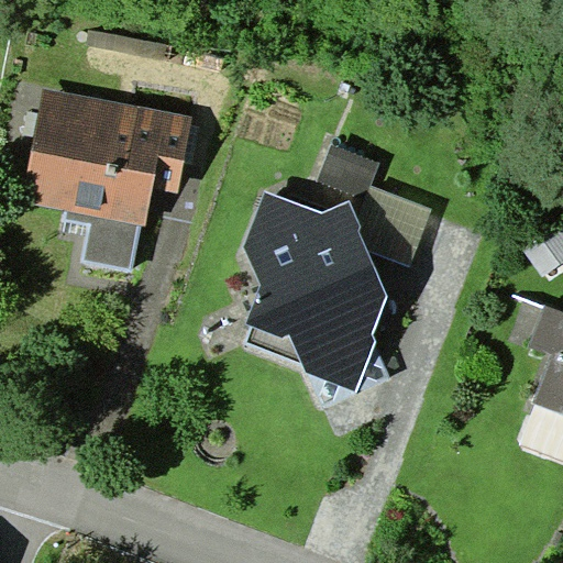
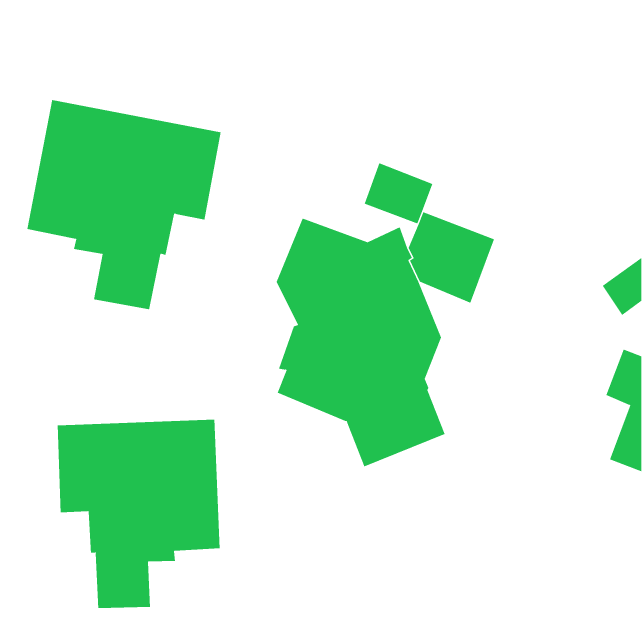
building: none -> [57,419,220,609]

